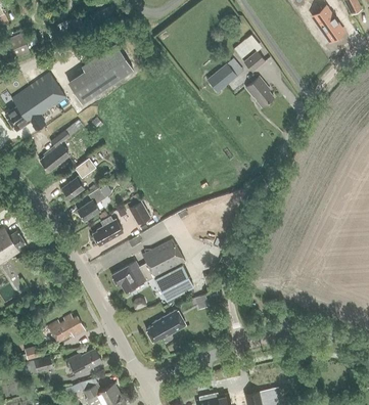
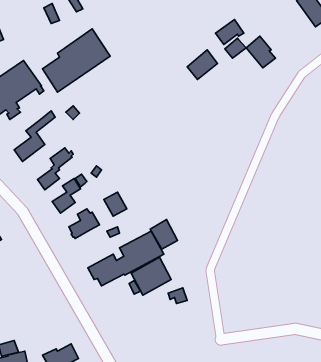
building: [245,76,274,106] -> [246,36,276,68]
building: none -> [150,220,178,249]
building: [145,309,185,341] -> none
building: [47,315,85,344] -> none

